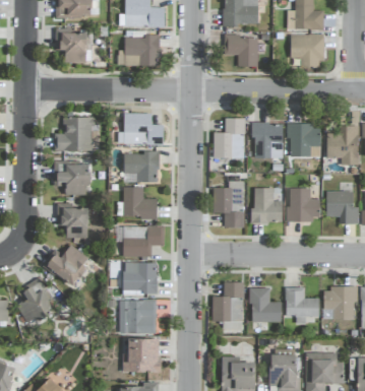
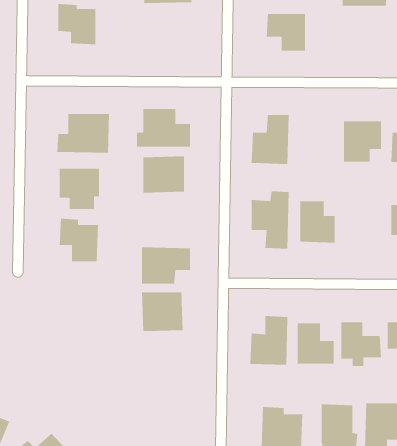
building: [290,34,323,67] -> none
building: [118,36,159,65] -> none
building: [253,123,283,157] -> none
building: [123,186,157,218] -> none
building: [288,188,319,220] -> none
building: [44,245,89,284] -> none
building: [17,278,54,323] -> none
building: [119,300,156,333] -> none
building: [122,337,161,372] -> none

